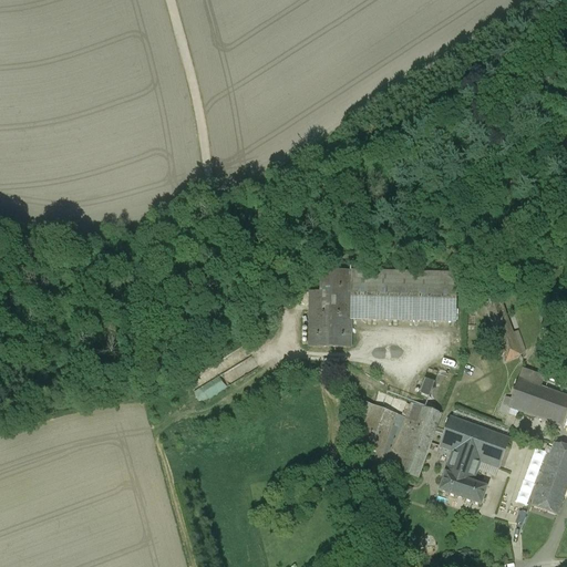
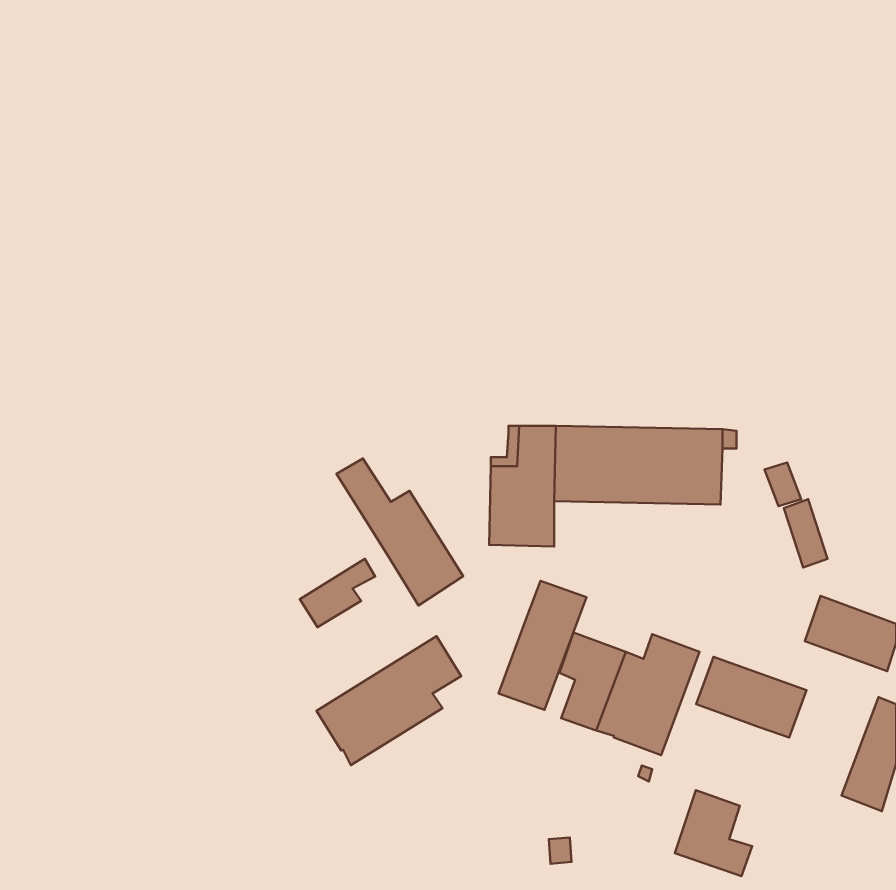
building: none -> [337,458,463,605]
building: none -> [498,581,586,710]
building: none -> [317,636,461,765]
building: [439,450,487,504] -> [675,790,752,876]

